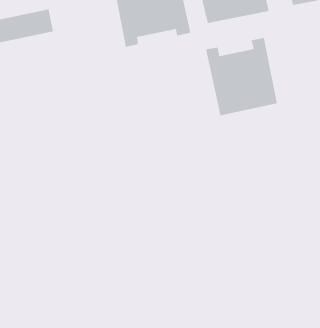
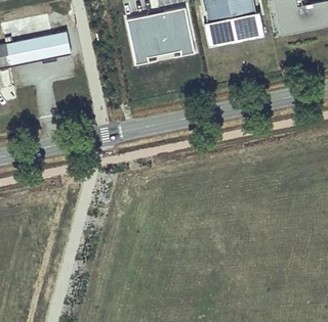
building: [205,37,278,116] -> none

